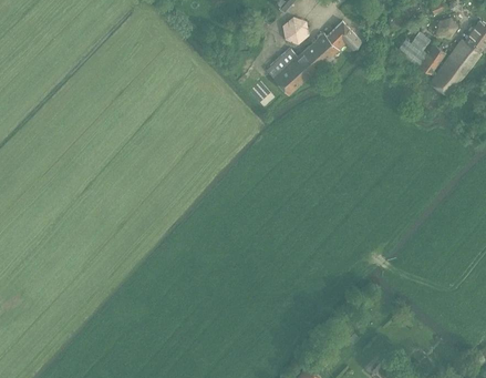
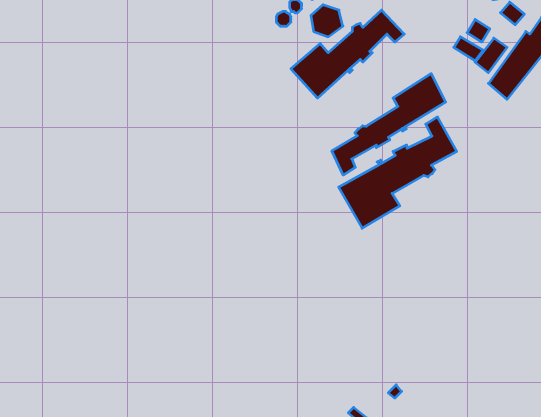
building: none -> [332,74,446,175]
building: none -> [339,117,457,228]

